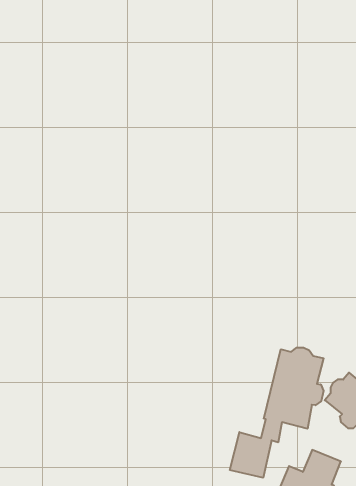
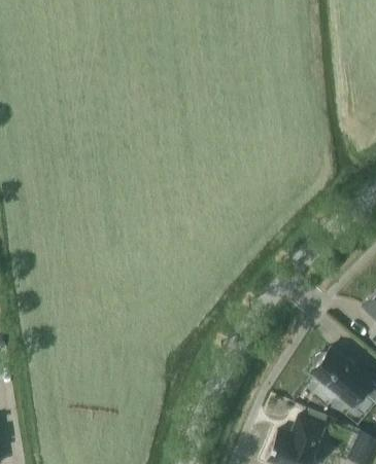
building: [230,348,324,478] -> none

